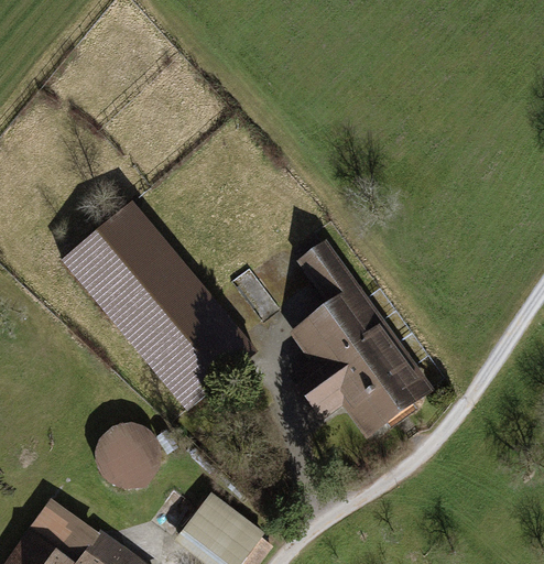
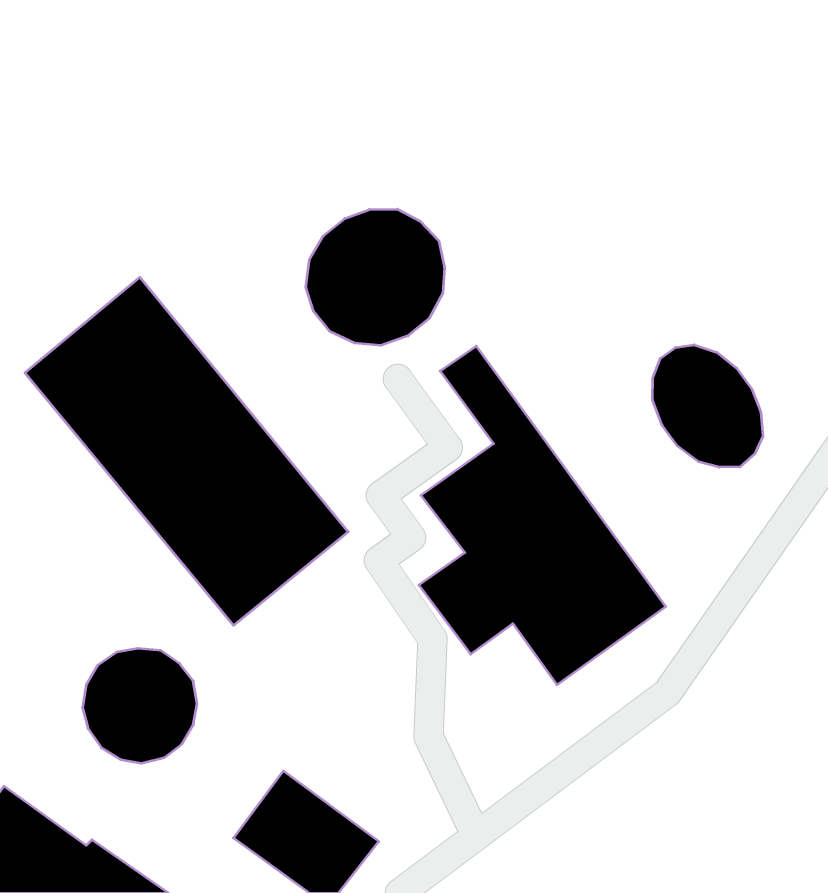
building: none -> [306,209,444,345]
building: none -> [653,345,763,467]

